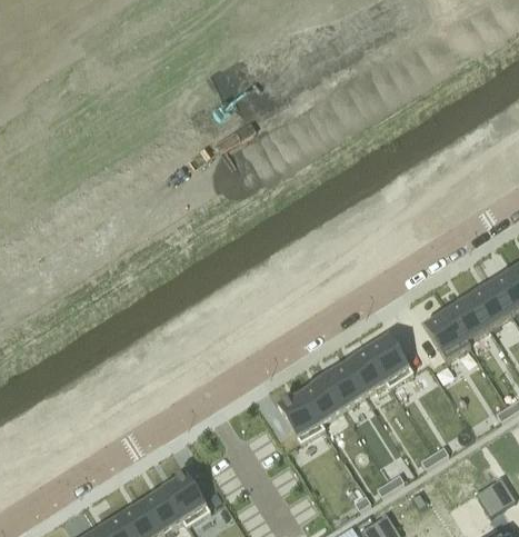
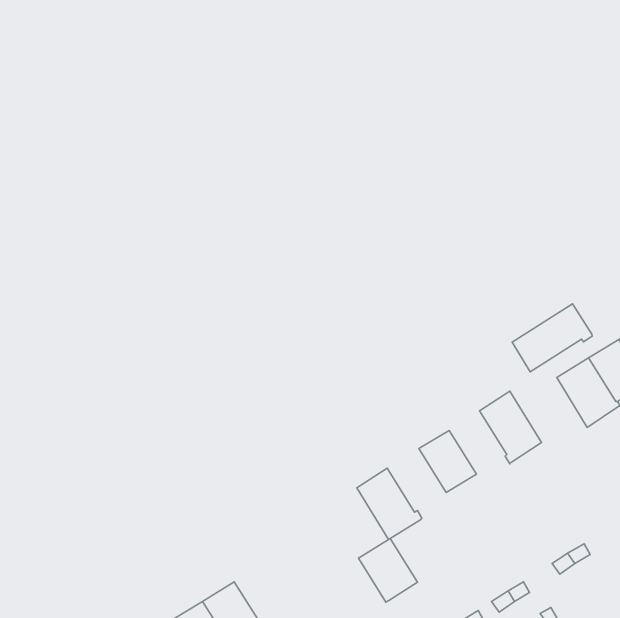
building: none -> [512,304,592,372]
building: [345,348,387,395] -> none
building: [299,376,342,422] -> [358,538,418,602]

